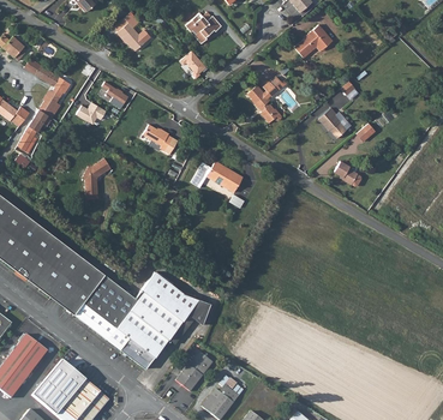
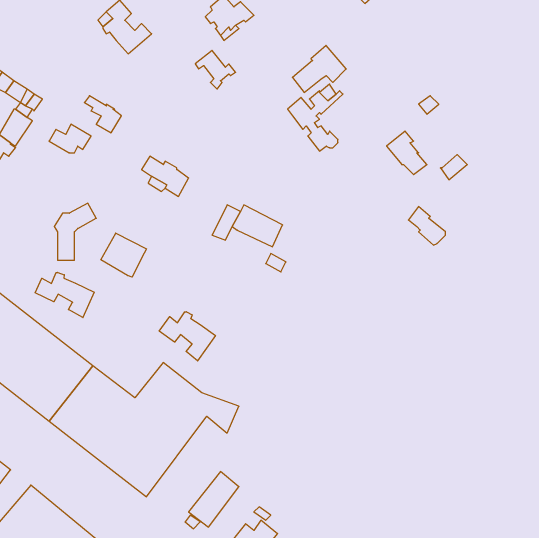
building: [293,23,331,56] -> [292,45,346,92]
building: none -> [101,233,146,277]
building: none -> [35,272,94,318]
building: none -> [159,312,215,361]

